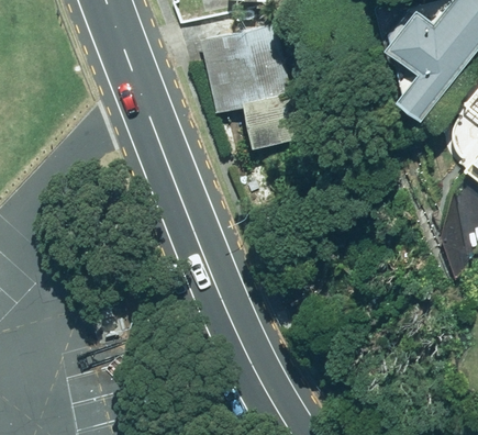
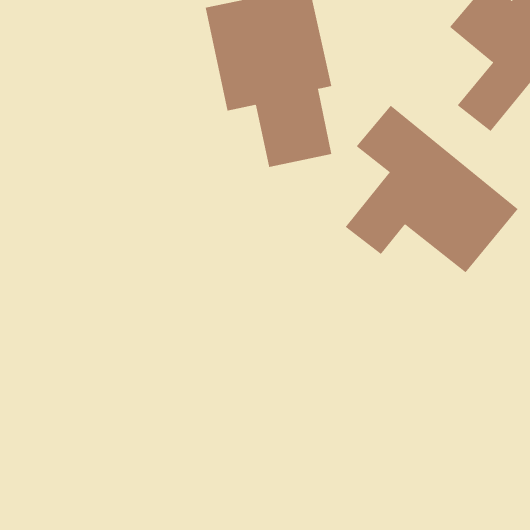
building: none -> [345,105,518,273]

